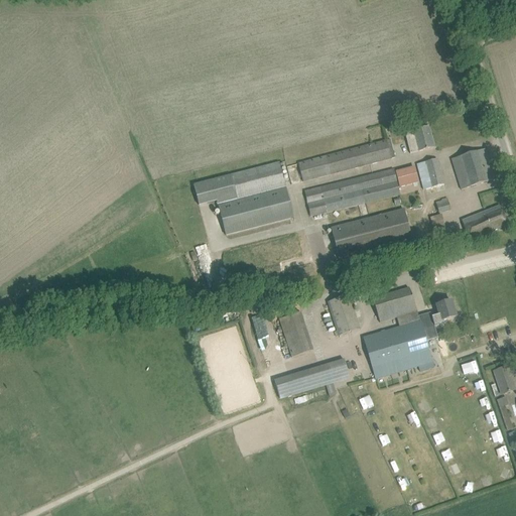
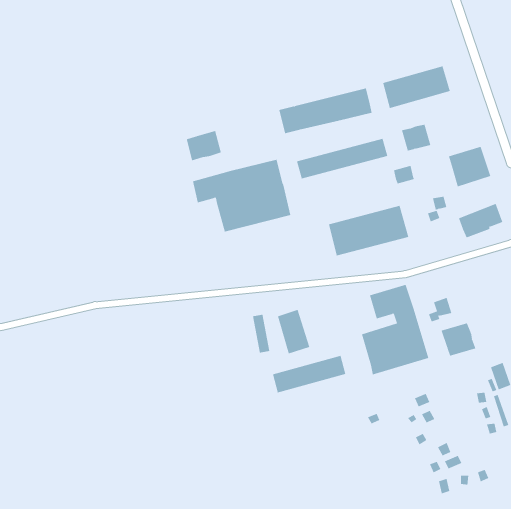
building: none -> [383,65,451,109]
building: none -> [186,130,221,161]
building: [417,157,443,188] -> none
building: [304,168,399,215] -> [278,88,372,134]
building: [328,294,360,335] -> none
building: none -> [441,322,476,357]

